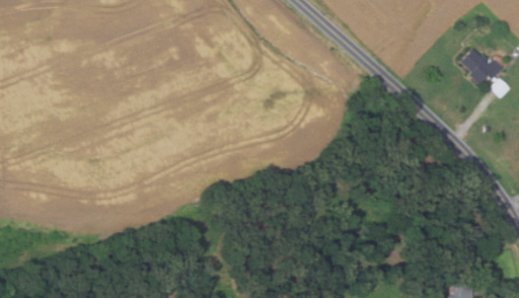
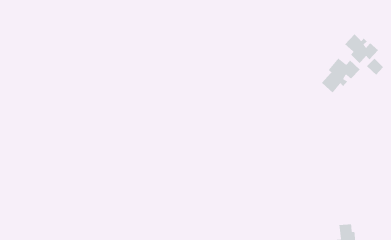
building: none -> [321,58,361,93]

